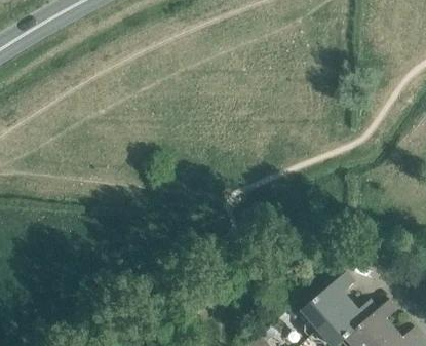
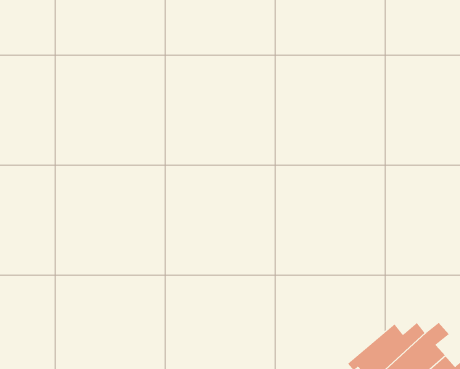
building: [288,271,354,334] -> none

